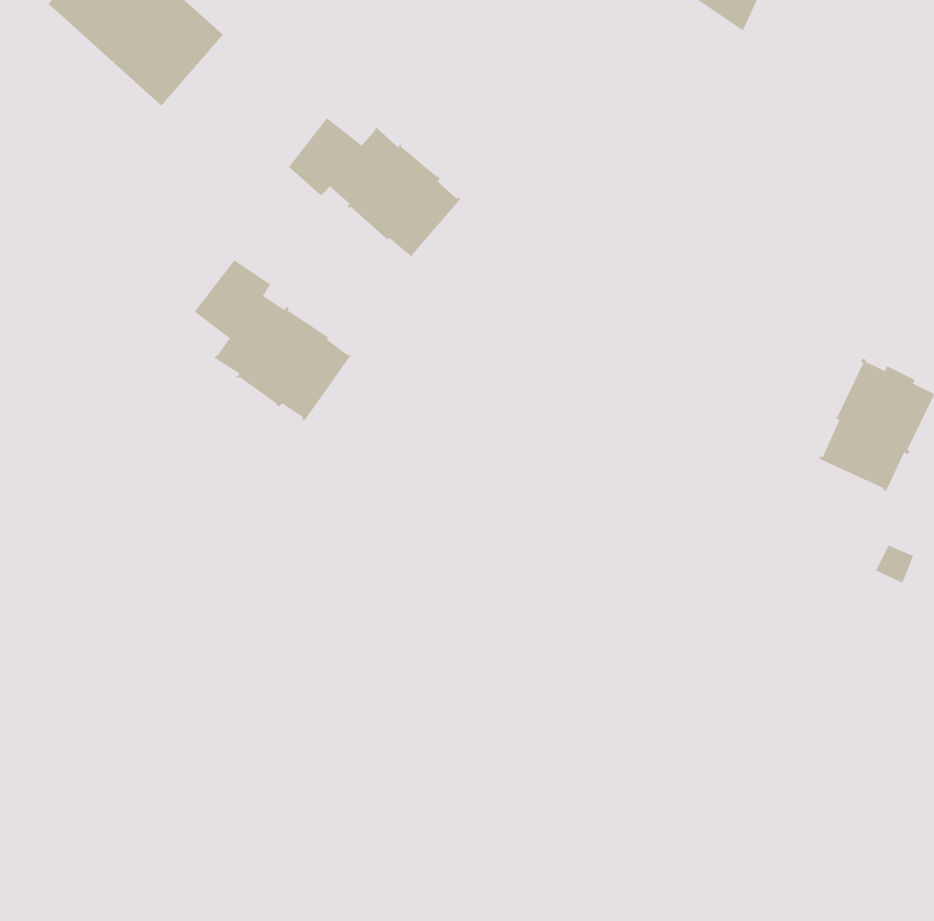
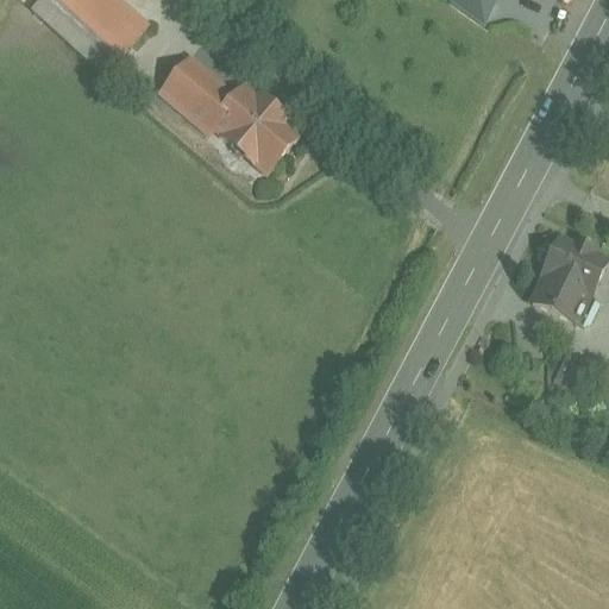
building: none -> [162,56,212,108]
building: [194,260,352,421] -> none

